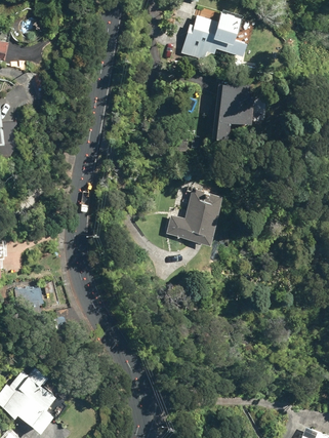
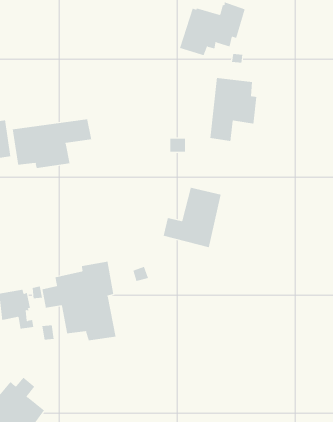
building: none -> [12,119,92,169]
building: none -> [42,261,116,341]

